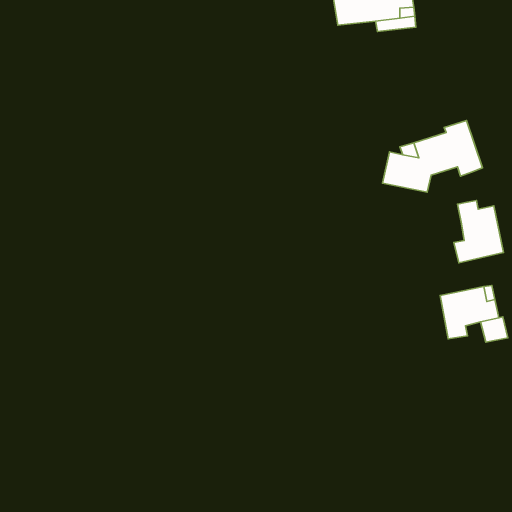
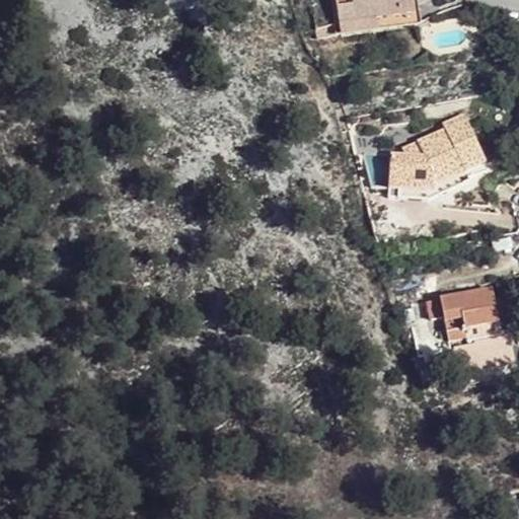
building: [454,200,503,263] -> none

